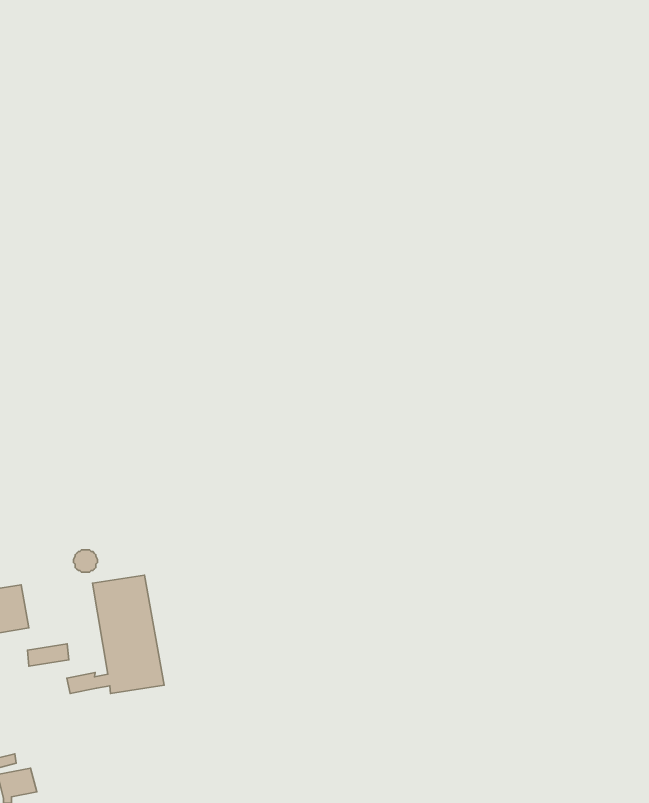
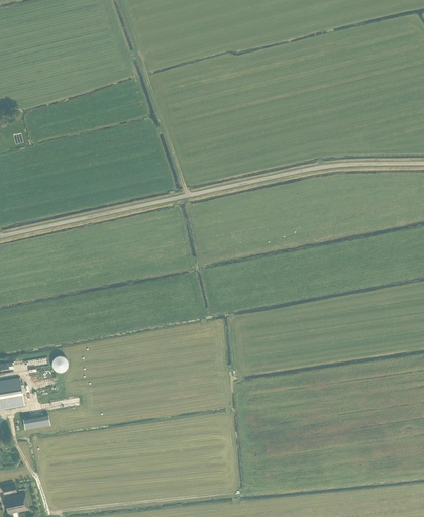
building: [67,575,164,694] -> none

